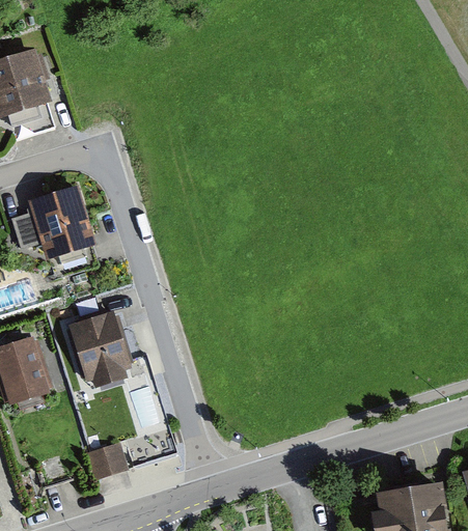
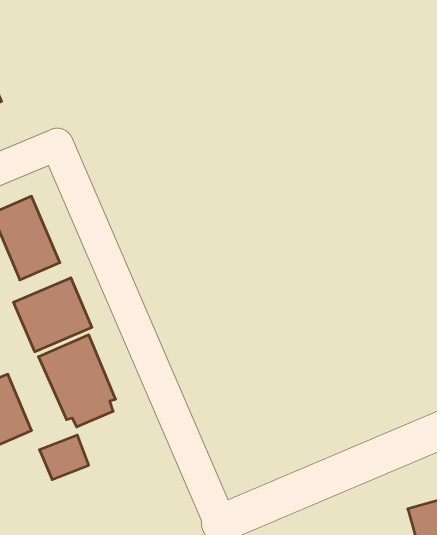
building: none -> [14,278,92,352]
building: [85,443,127,479] -> [39,435,89,480]

